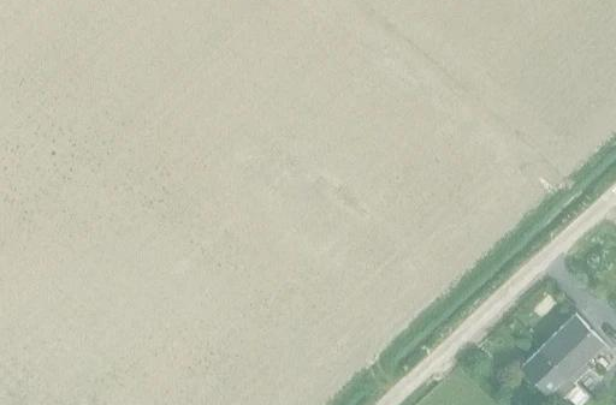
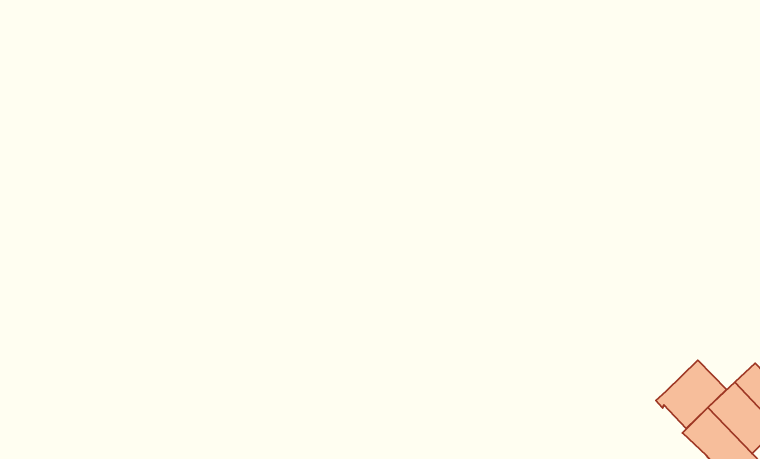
building: none -> [656,360,727,428]

